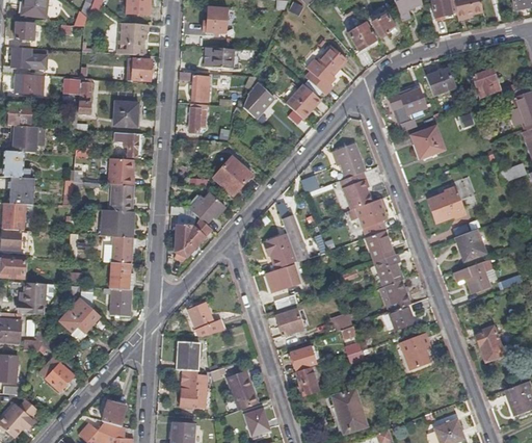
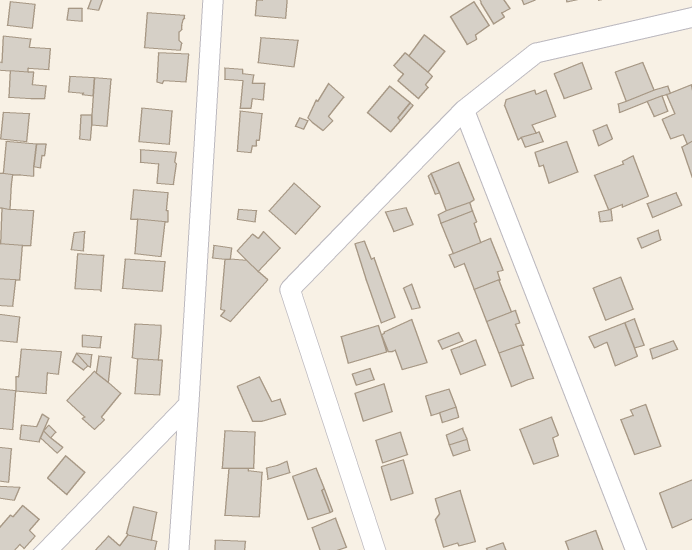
building: [427,184,468,225] -> [594,156,648,210]
building: [262,230,296,267] -> [381,320,427,369]
building: [112,237,134,265] -> [75,254,104,291]
building: [388,305,414,331] -> [451,340,486,375]

